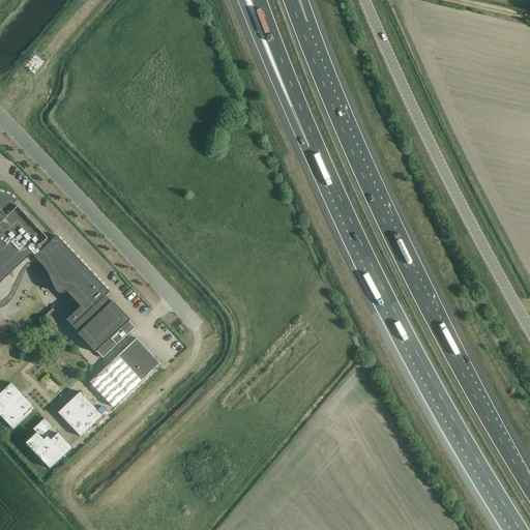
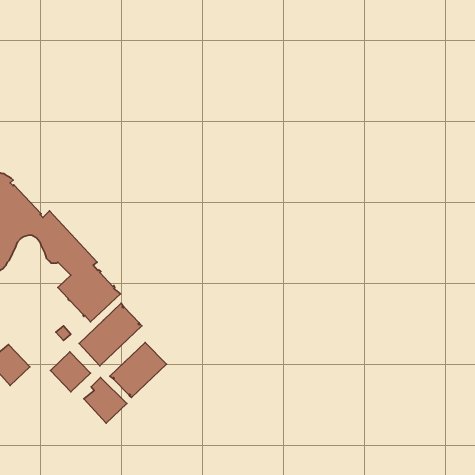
building: none -> [110,342,167,398]
building: [23,417,70,468] -> [84,377,127,423]

